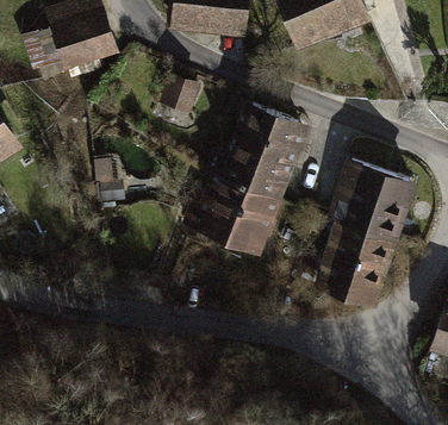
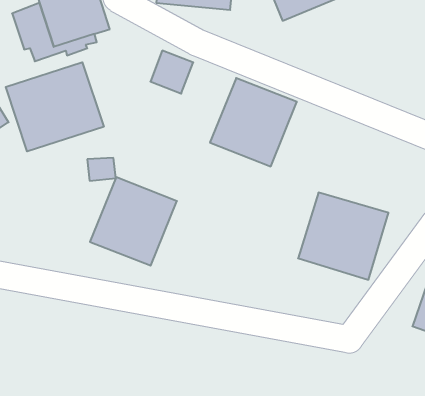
building: none -> [6,62,104,151]
building: [330,162,416,238] -> none
building: [195,168,282,256] -> [90,177,177,266]

